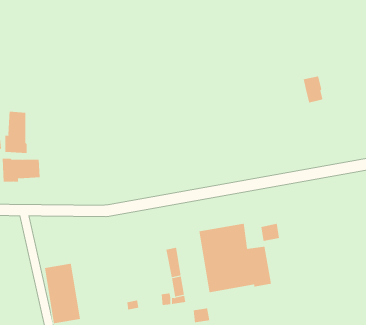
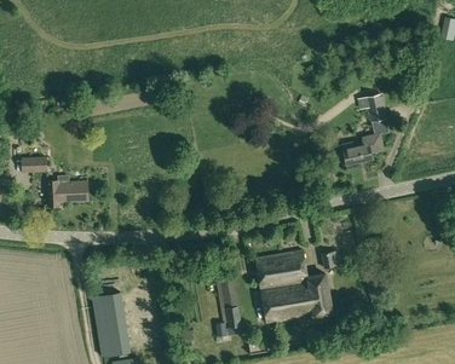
building: [5,111,27,154] -> none
building: none -> [342,133,382,164]

